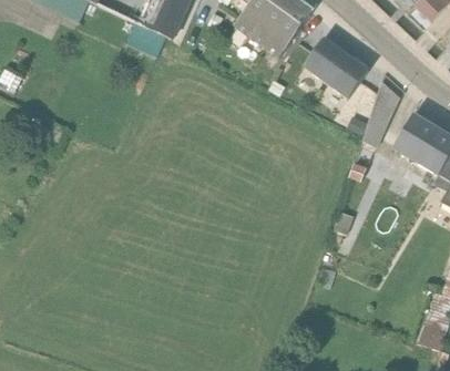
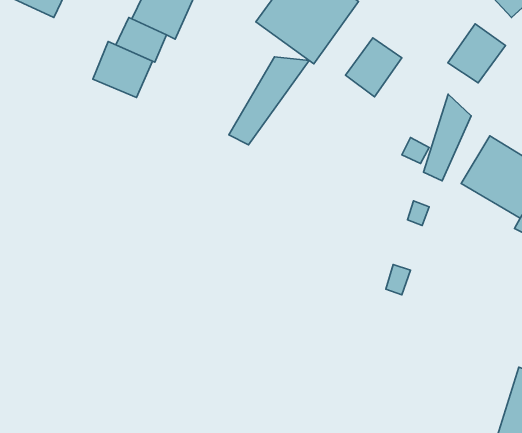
building: none -> [93,42,153,98]
building: none -> [229,57,309,145]
building: [325,52,369,97] -> [448,24,505,83]

